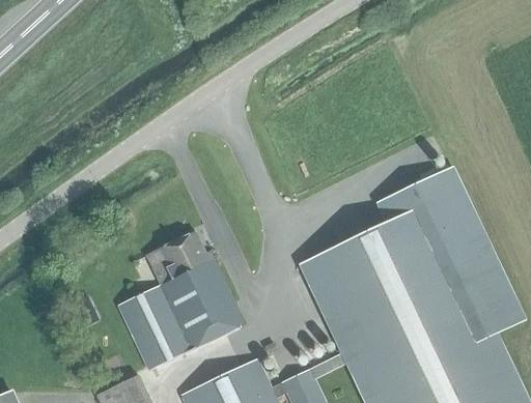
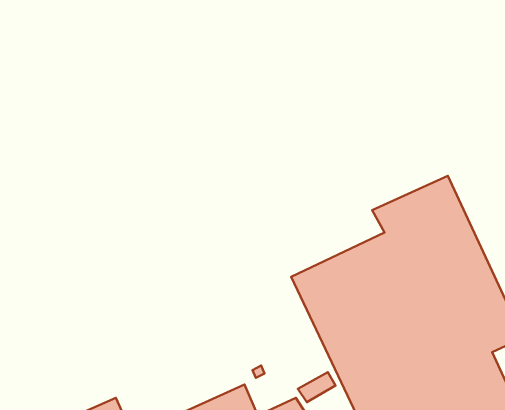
building: [119,233,246,369] -> none

